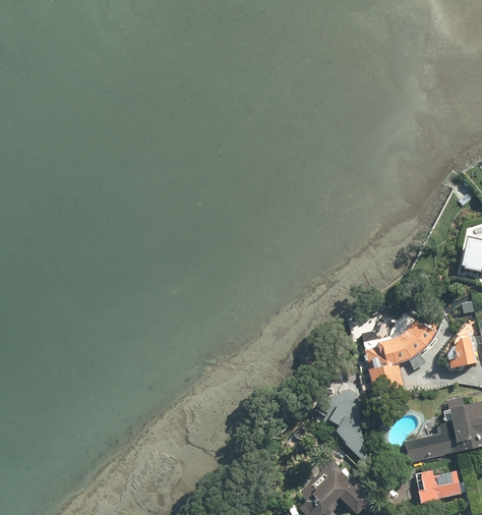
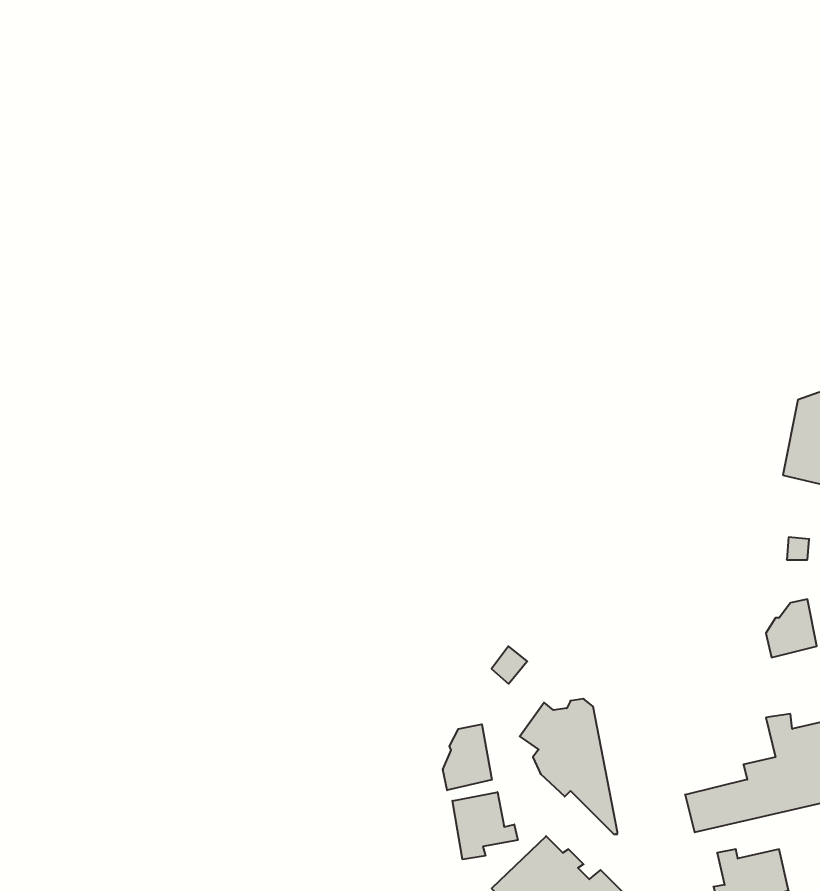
building: [366,320,438,392] -> none
building: none -> [443,724,492,790]
building: none -> [452,792,518,859]

